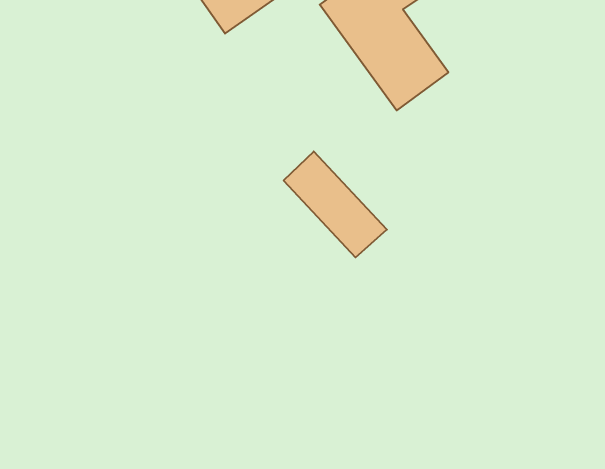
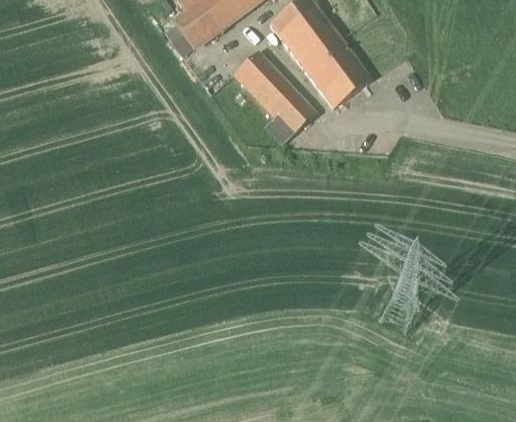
building: [284,151,387,257] -> [233,51,316,136]

